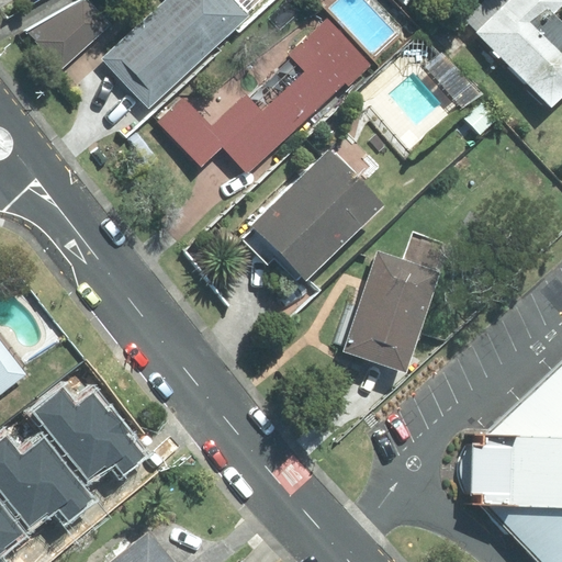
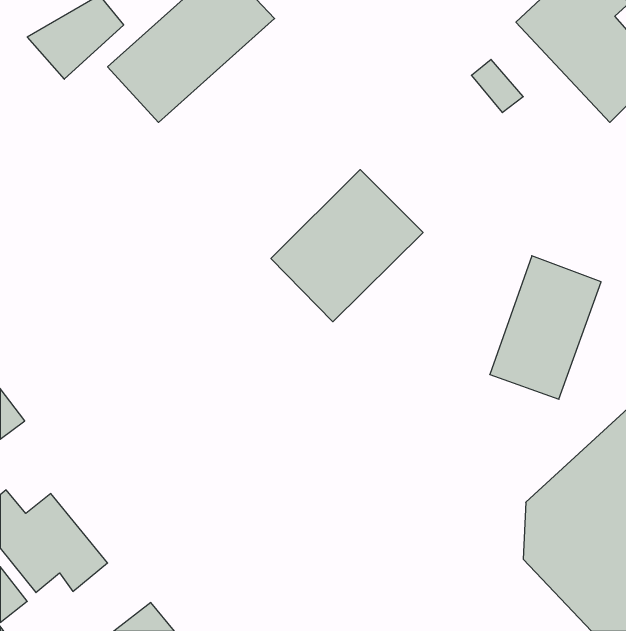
building: [157,20,369,171] -> none
building: [338,247,437,374] -> [490,256,601,399]
building: [40,387,154,477] -> none

